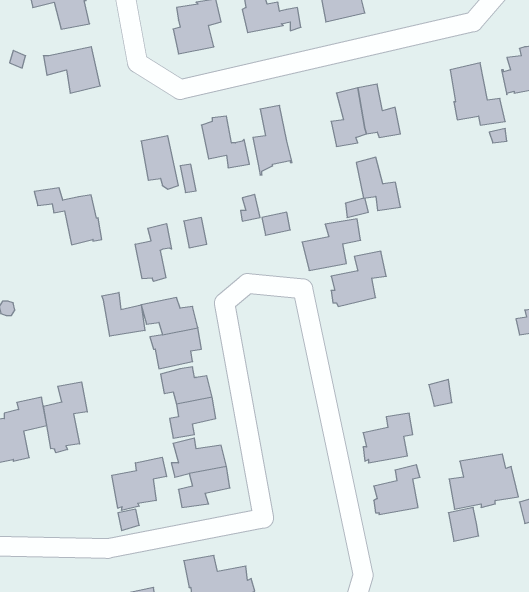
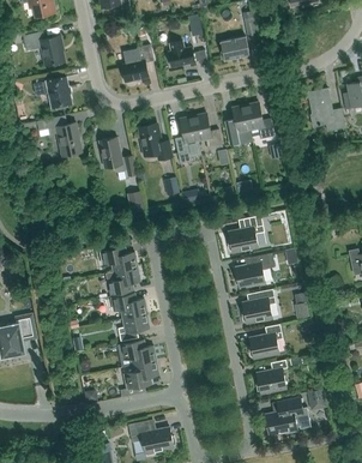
building: [356,157,401,211] -> [192,113,222,149]
building: [34,188,102,245] -> [36,118,82,156]
building: [302,219,361,270] -> [234,252,273,287]
building: [135,224,172,281] -> none
building: [102,292,145,336] -> none
building: none -> [241,288,274,323]
building: [44,382,87,453] -> none
building: [449,454,518,509] -> [264,397,310,434]
building: [112,457,167,510] -> none

